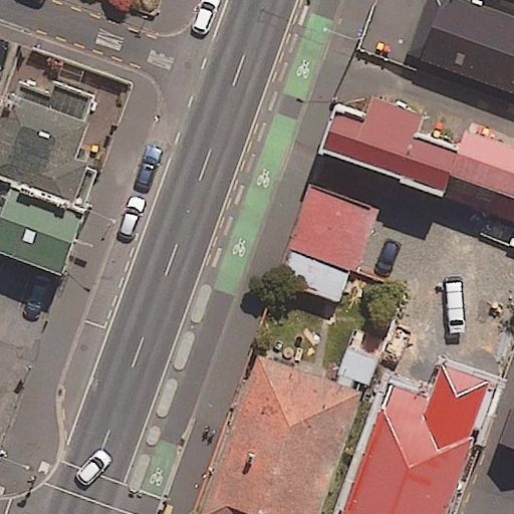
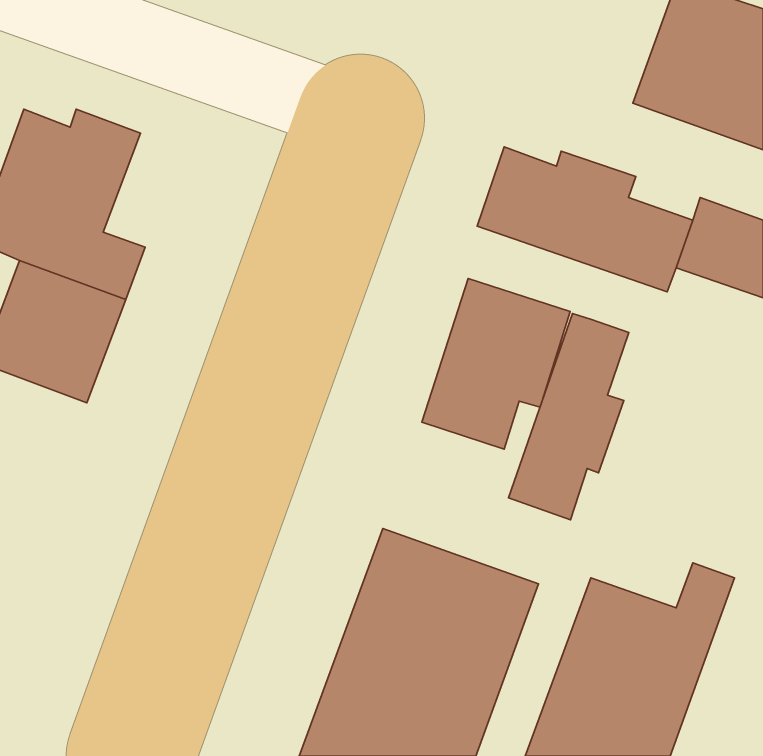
building: none -> [509,313,629,520]

